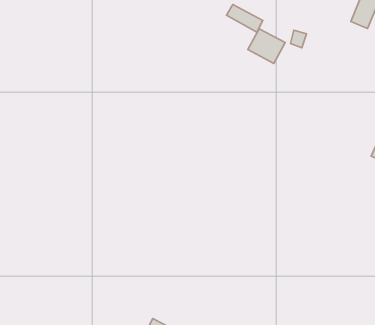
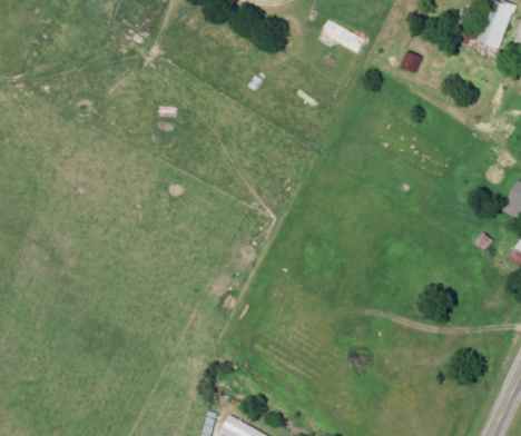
building: [248,29,285,64] -> none

